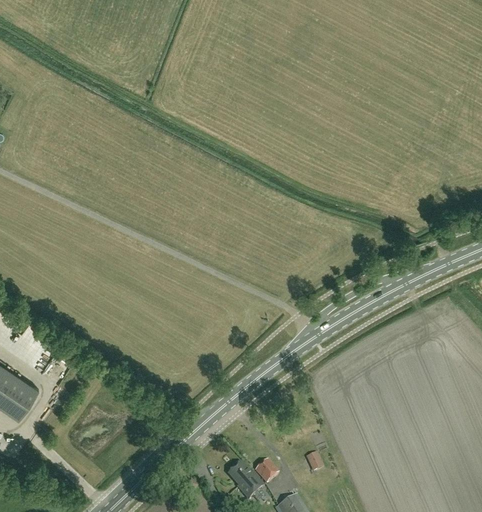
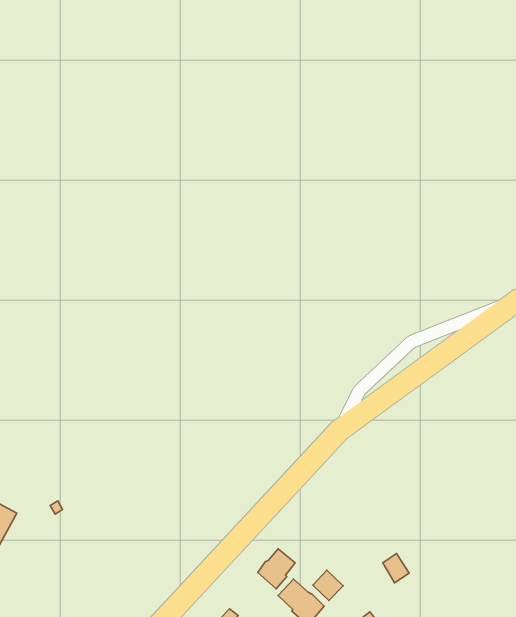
building: none -> [258,549,295,589]

